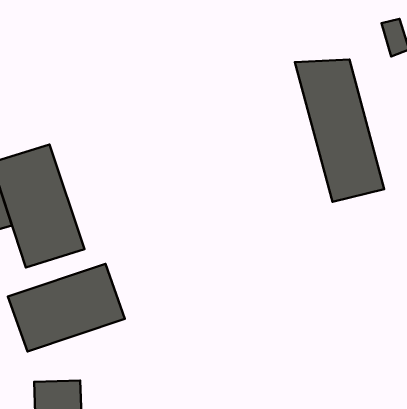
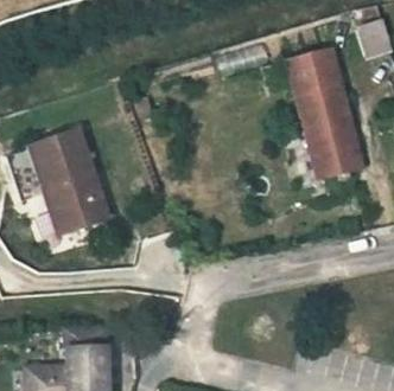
building: [8,264,125,351] -> none

